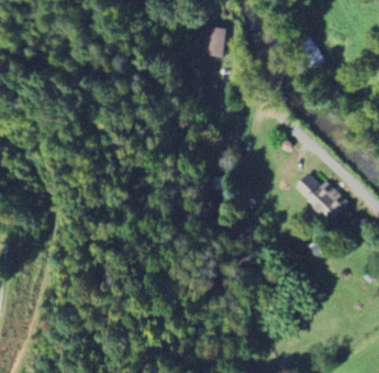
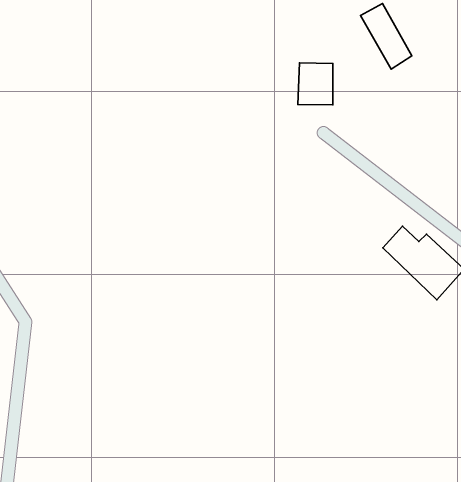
building: [196,26,221,56] -> [298,63,333,105]

